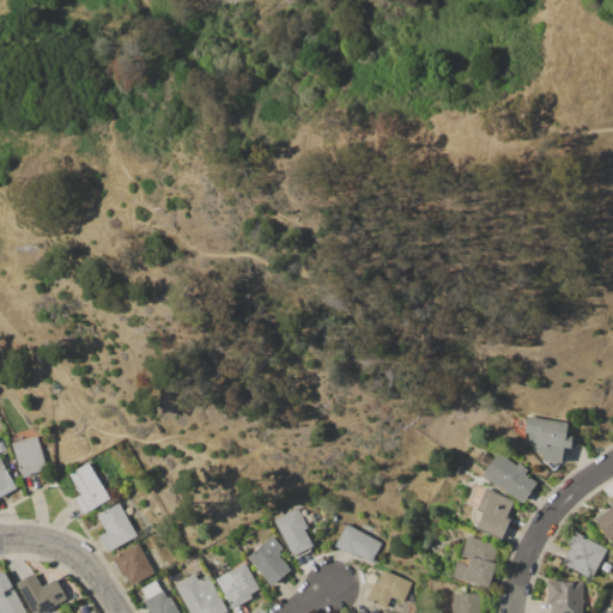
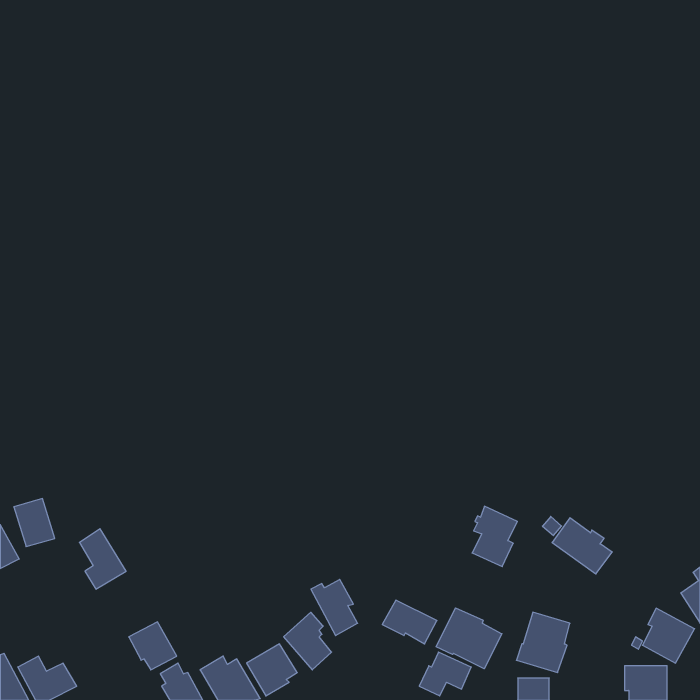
building: [523,415,572,465] -> none
building: [474,487,514,540] -> [472,506,517,567]
building: [97,499,136,553] -> none
building: none -> [436,608,502,669]

